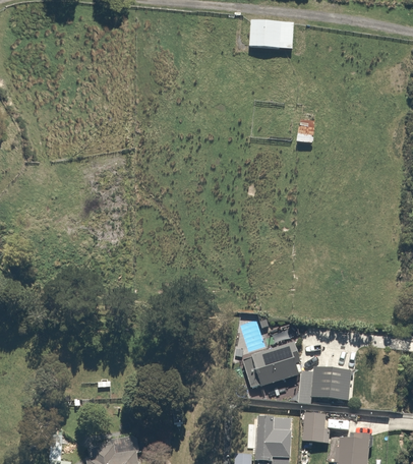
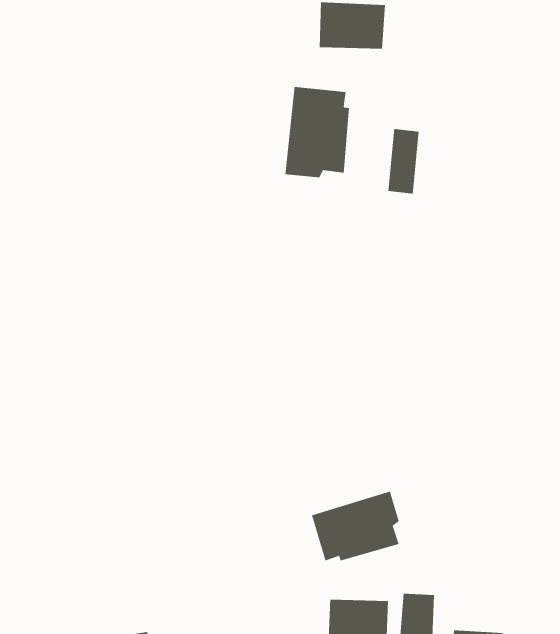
building: none -> [285,86,349,178]
building: [309,364,349,400] -> none

